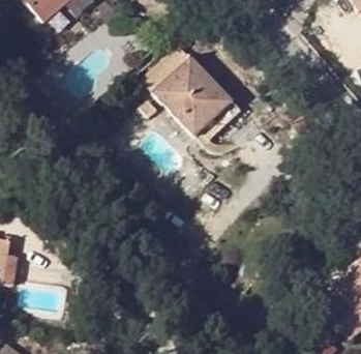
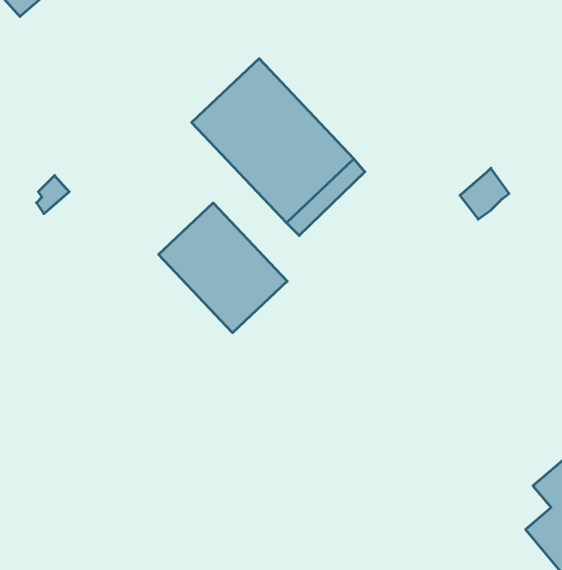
building: none -> [159,203,287,333]

